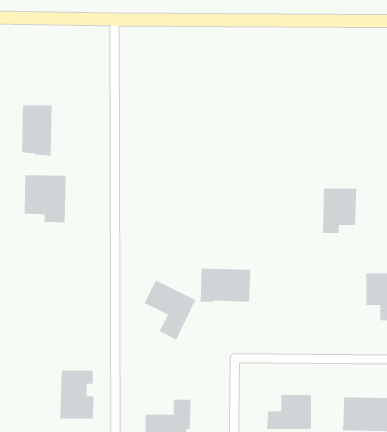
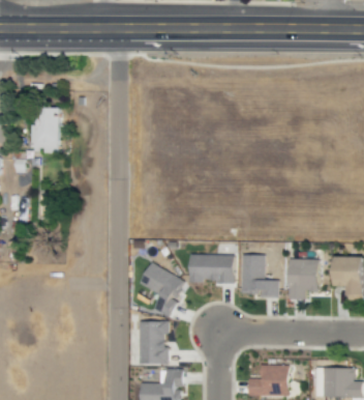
building: [24,175,66,223] -> none
building: [322,188,357,234] -> [289,259,320,299]
building: none -> [241,255,279,297]
building: [60,370,95,419] -> [139,321,170,365]

